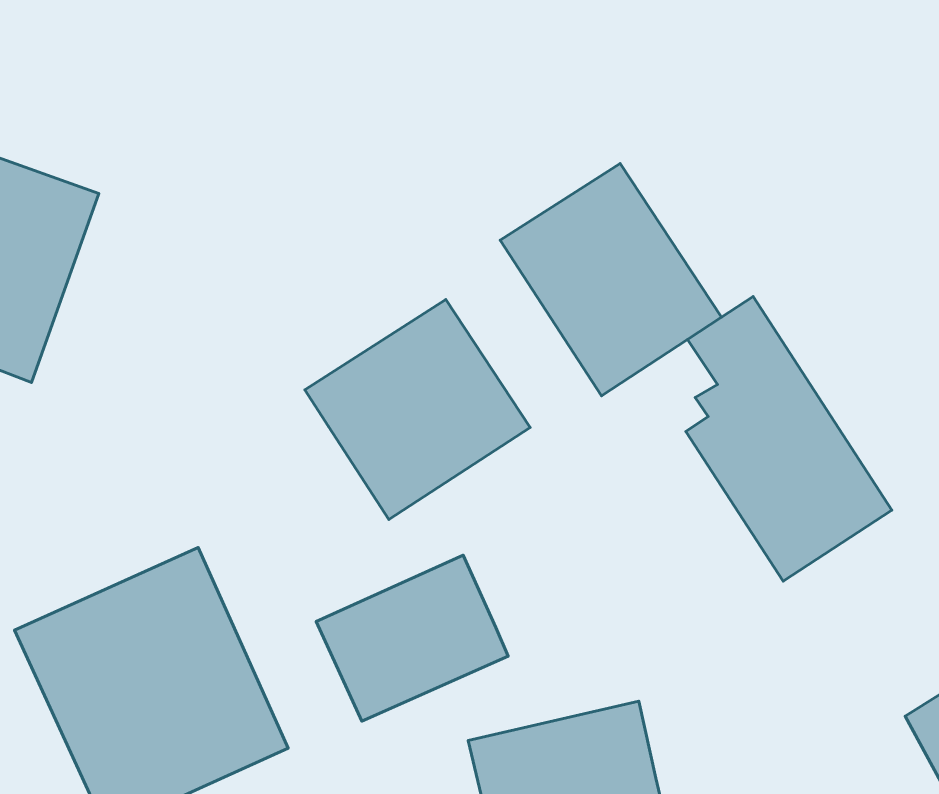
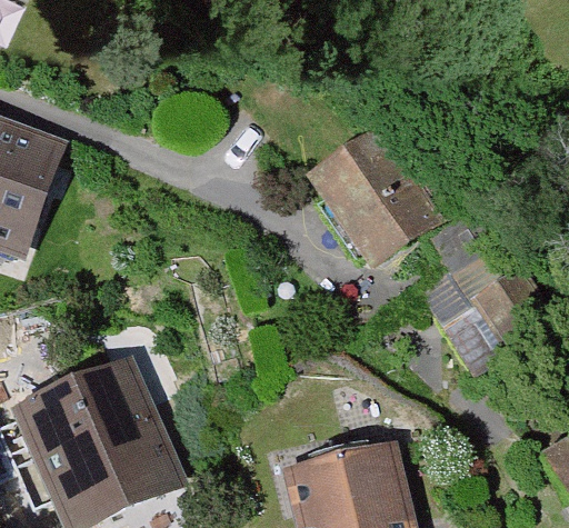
building: [305,300,530,519] -> none
building: [316,555,508,721] -> none

